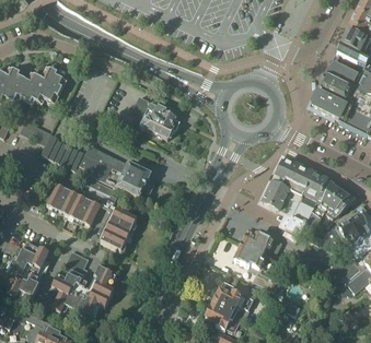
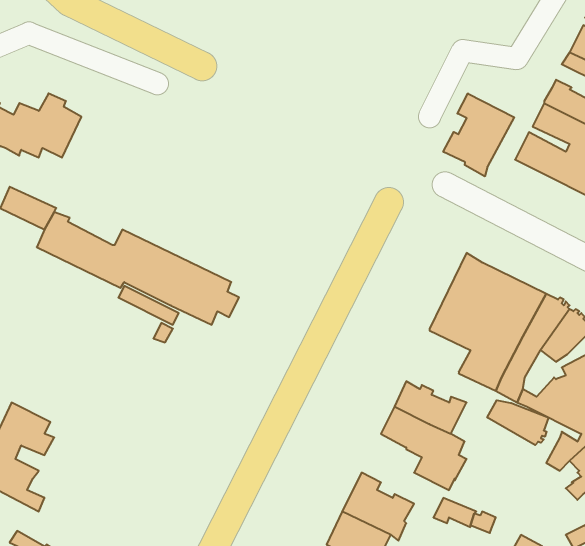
building: none -> [443,93,514,176]
building: [132,95,179,138] -> none
building: [47,176,103,224] -> none
building: [97,206,137,250] -> none
building: none -> [487,400,548,445]
building: [42,248,114,316] -> none

